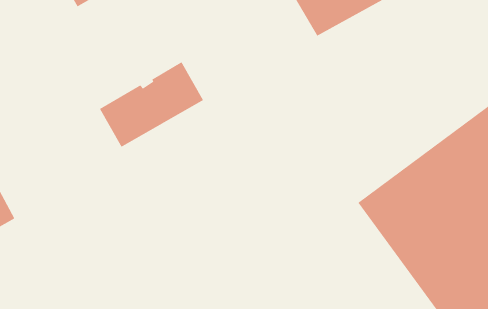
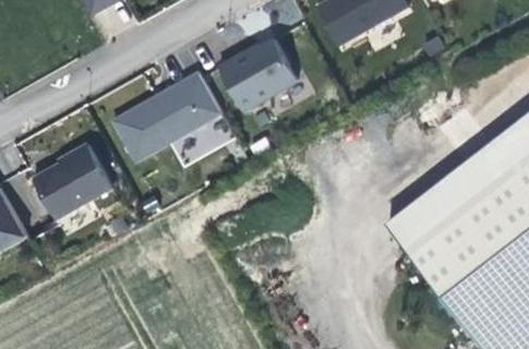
building: none -> [220,37,300,109]
building: none -> [36,143,115,218]

